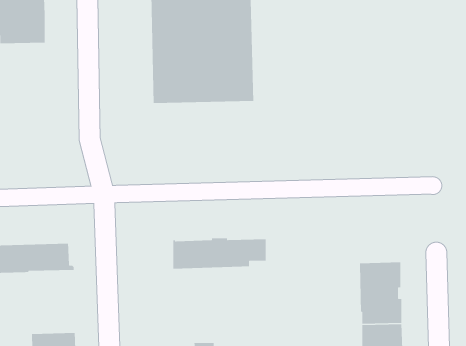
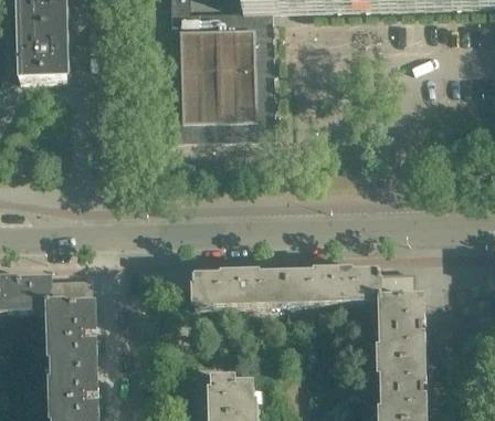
building: none -> [285,269,420,301]
building: none -> [48,305,94,368]

